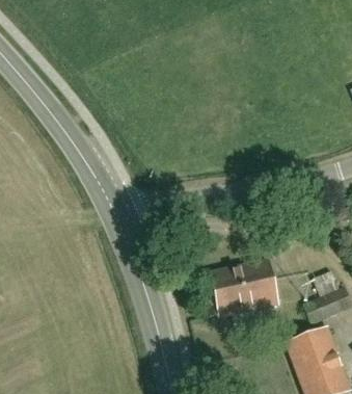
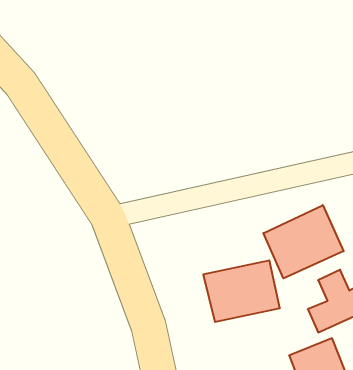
building: none -> [263,205,344,278]

